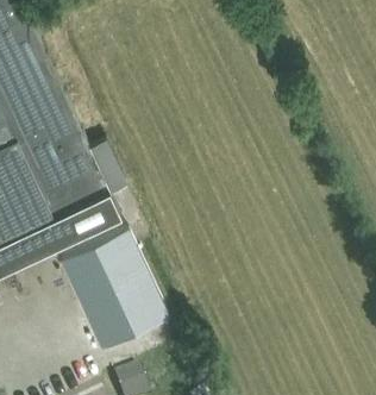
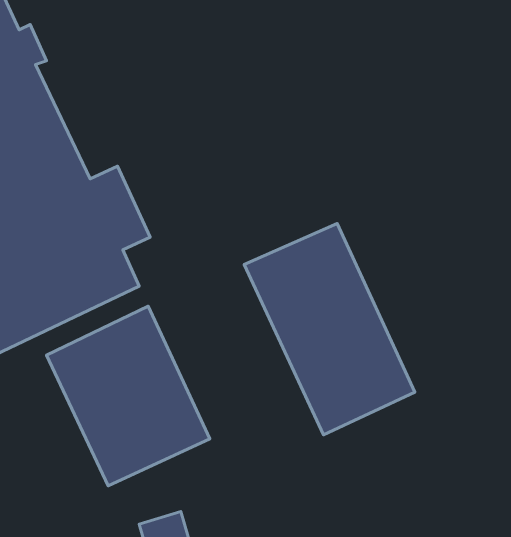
building: none -> [244,223,415,435]

